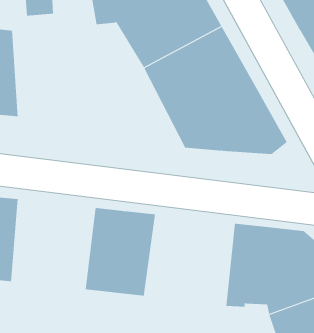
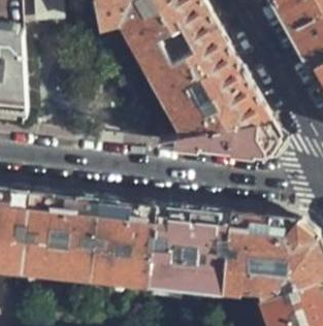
building: none -> [22,196,99,281]
building: none -> [146,210,229,296]

